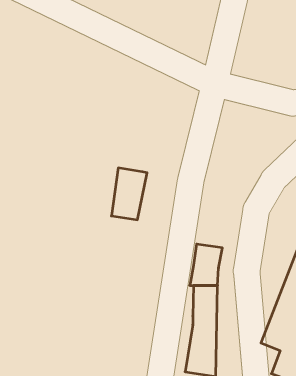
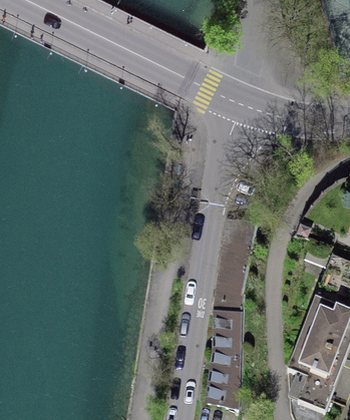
building: [111,168,147,220] -> [219,219,256,273]

